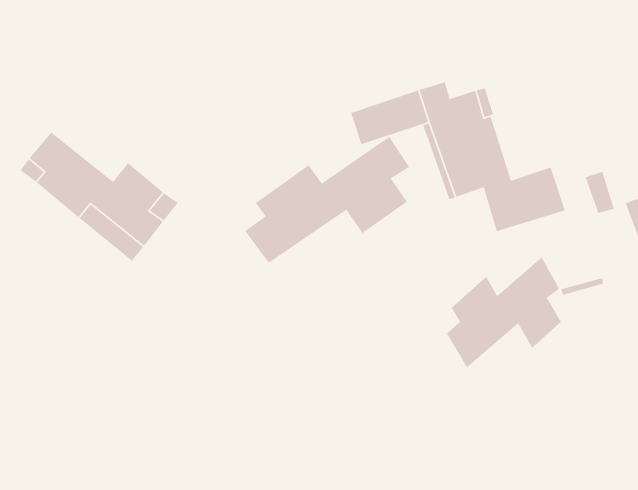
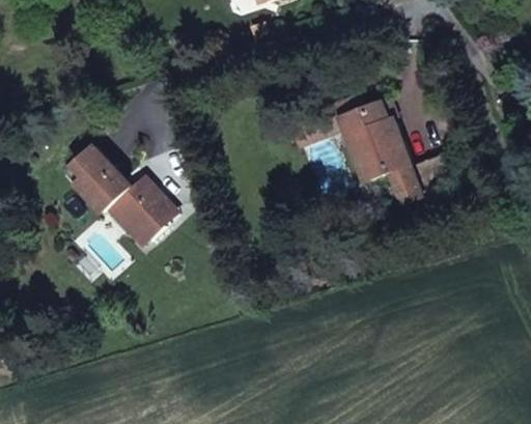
building: [244,136,410,264] -> none
building: [446,256,562,368] -> none

